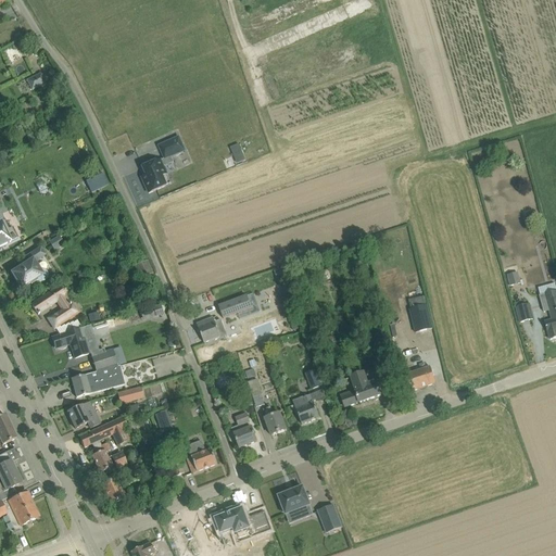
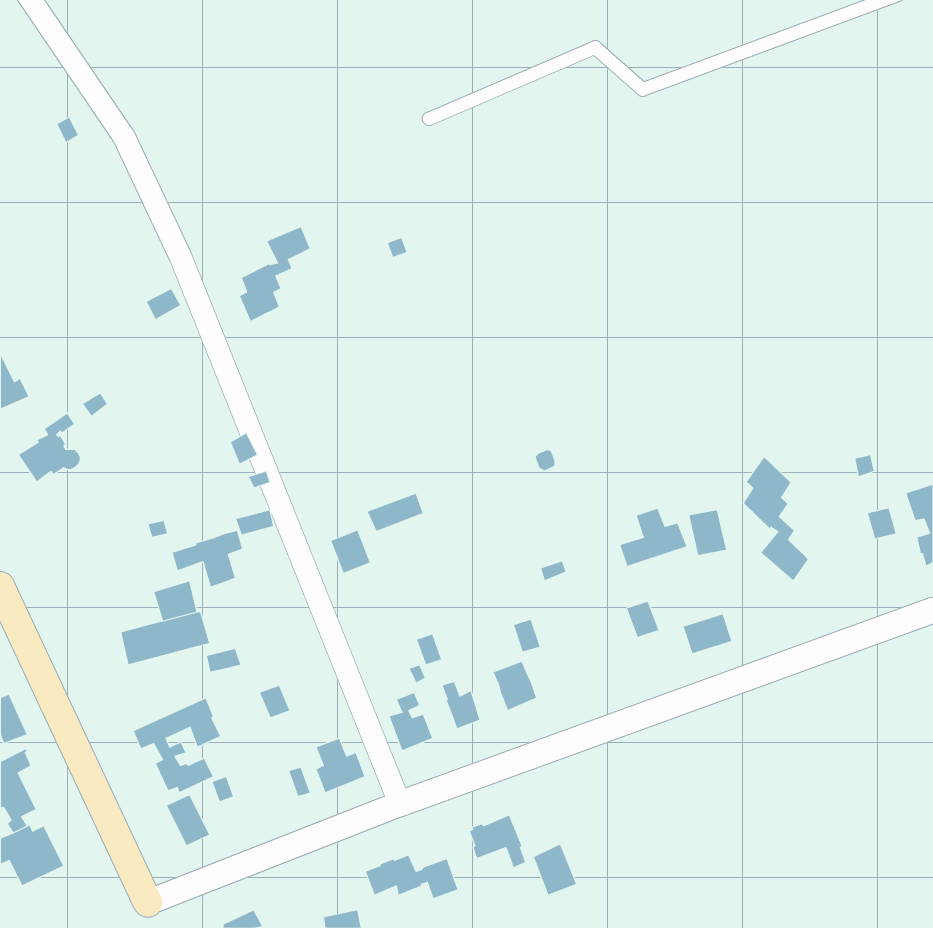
building: none -> [743,456,809,581]
building: [31,287,78,326] -> none
building: [52,323,94,356] -> [172,531,243,587]
building: [341,370,381,405] -> [620,508,687,567]
building: [67,400,100,427] -> none

